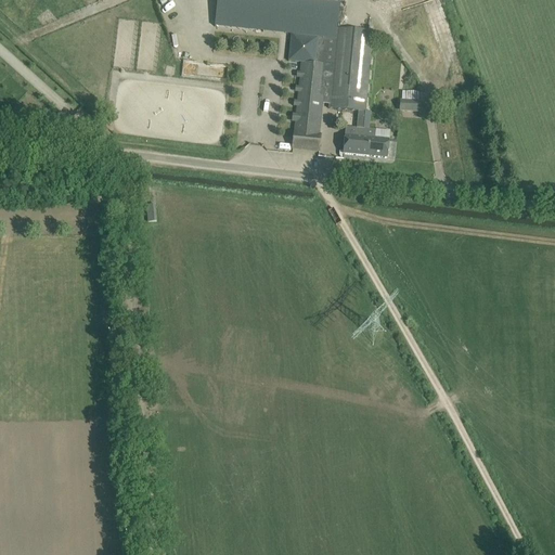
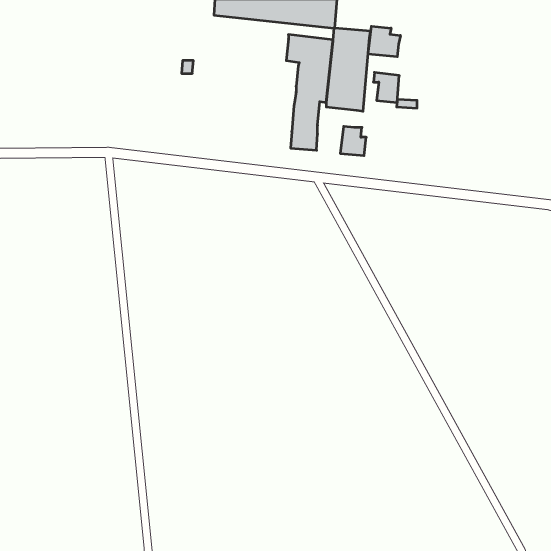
building: none -> [368,26,400,57]
building: [362,128,388,158] -> [373,72,399,103]

